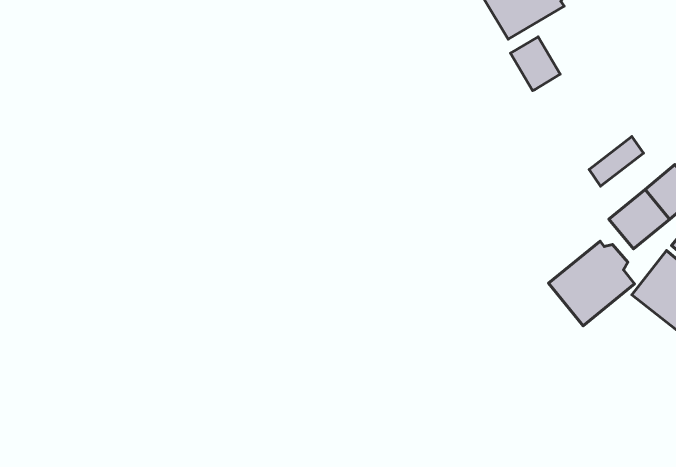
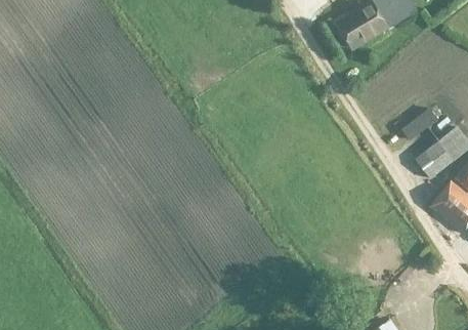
building: [511,37,560,91] -> none
building: [549,241,635,326] -> none

